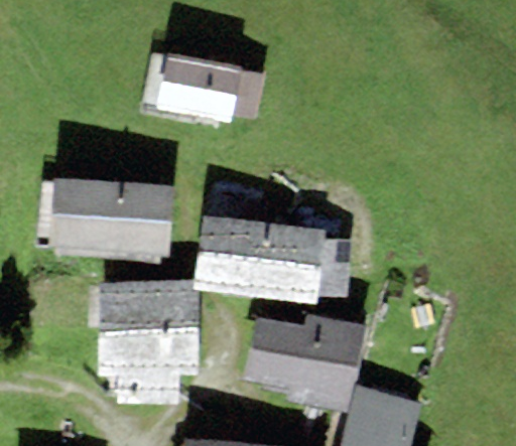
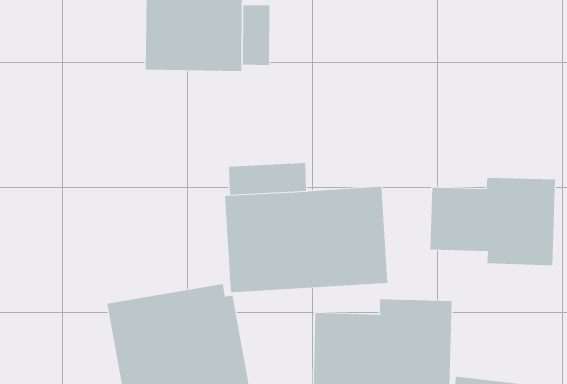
building: [48,177,173,256] -> none
building: none -> [430,177,555,266]

